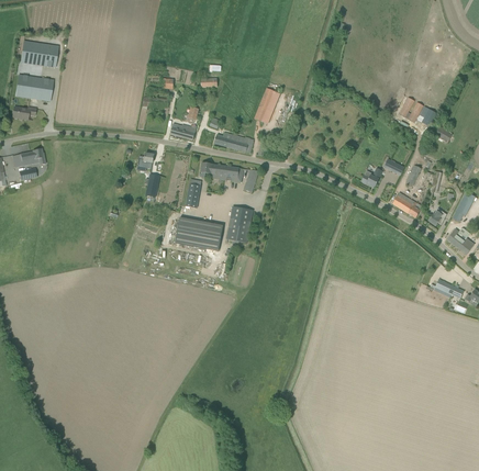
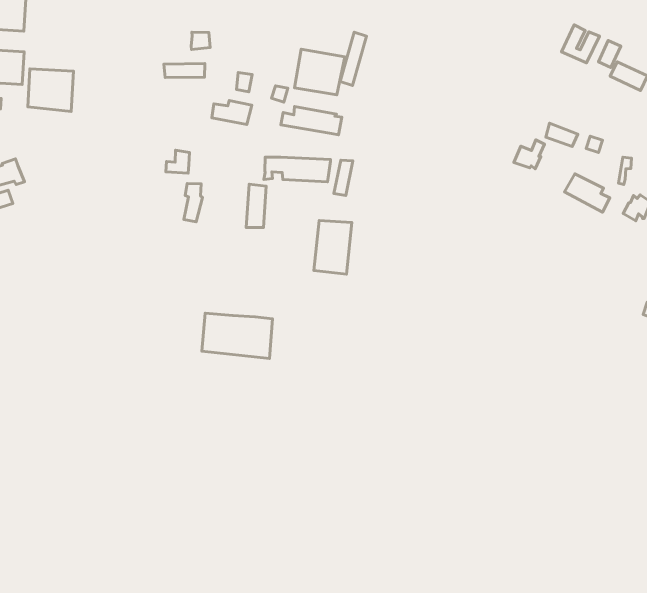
building: none -> [28,69,74,111]
building: none -> [295,49,345,95]
building: [175,217,222,250] -> [202,313,272,358]

